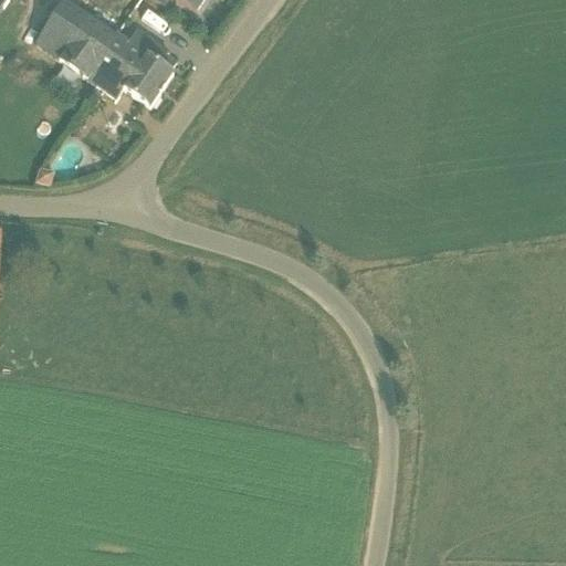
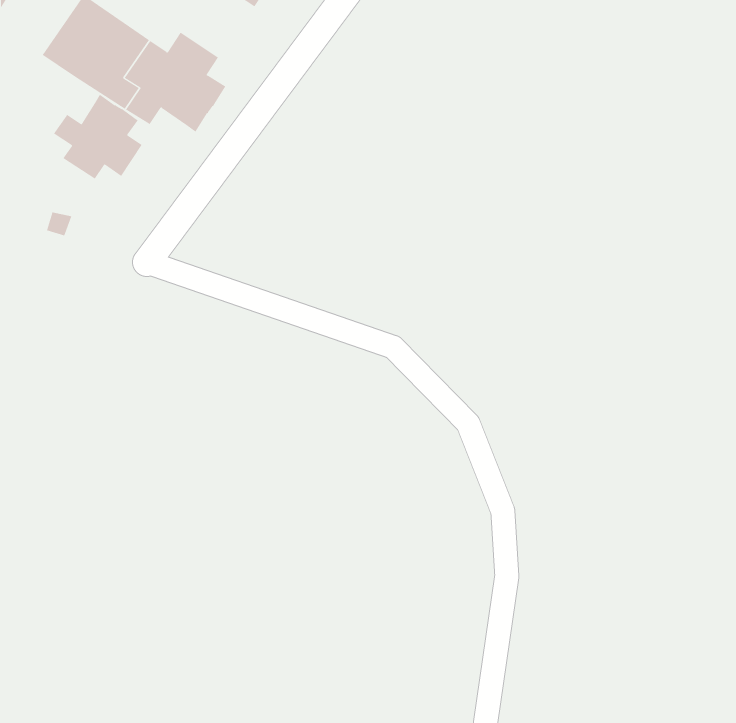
building: none -> [53,94,143,179]

